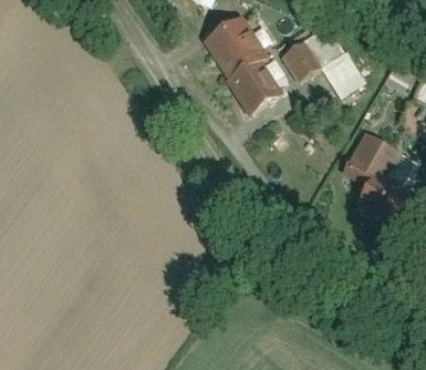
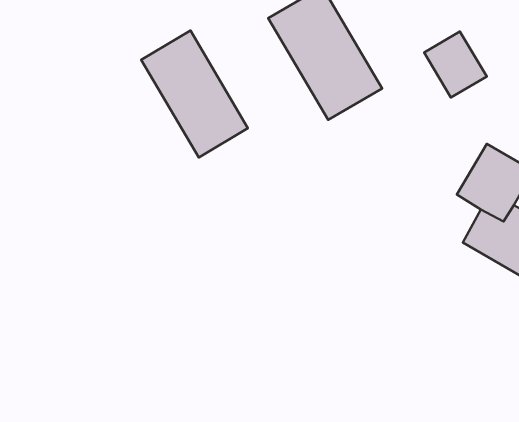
building: [282,39,320,81] -> none
building: none -> [141,31,248,157]

